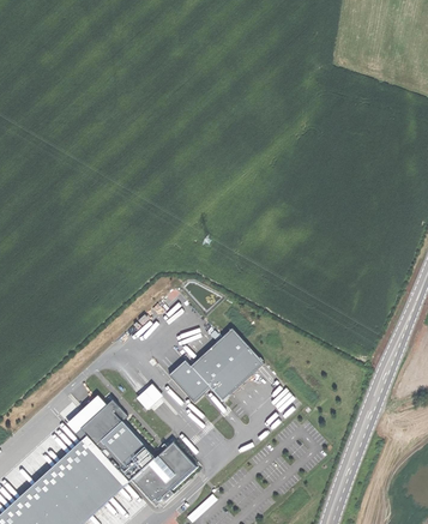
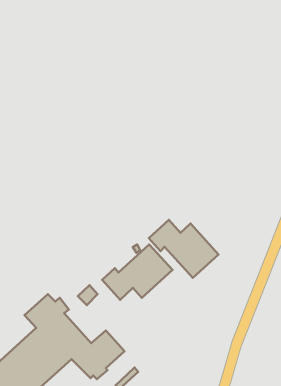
building: none -> [149,220,219,278]

